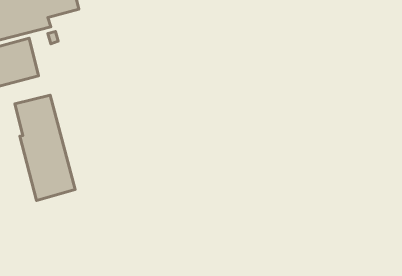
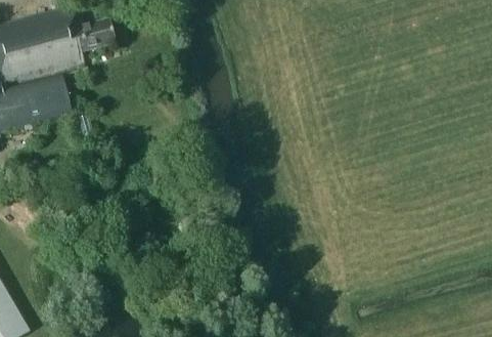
building: [15,95,75,200] -> none

